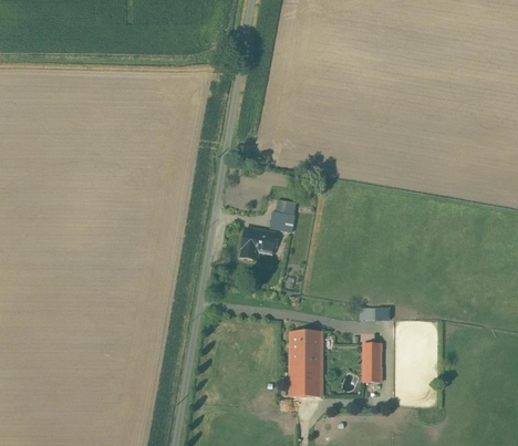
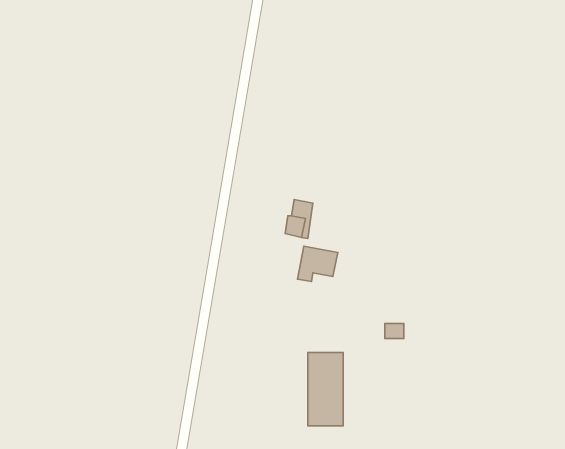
building: [240,228,276,259] -> [298,246,338,282]
building: [363,343,381,382] -> none

